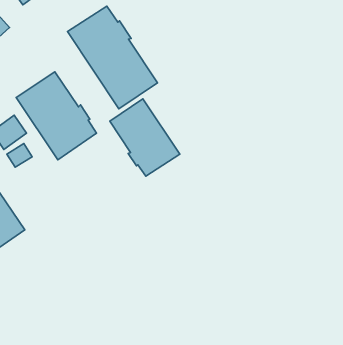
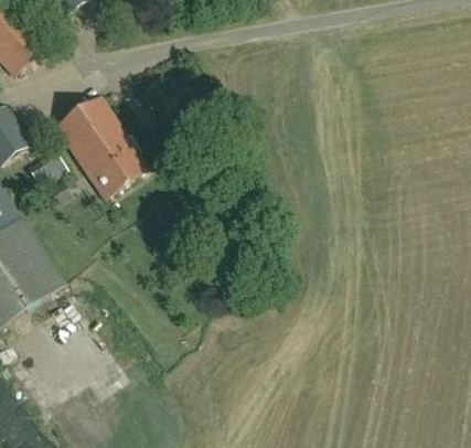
building: [67,6,157,109] -> none
building: [110,99,180,176] -> none

